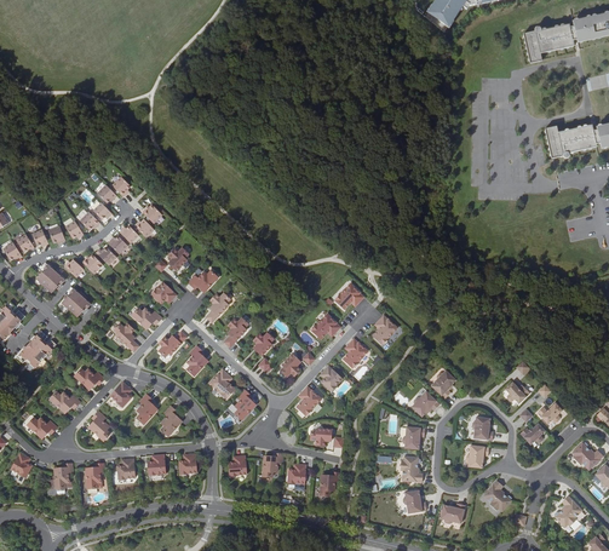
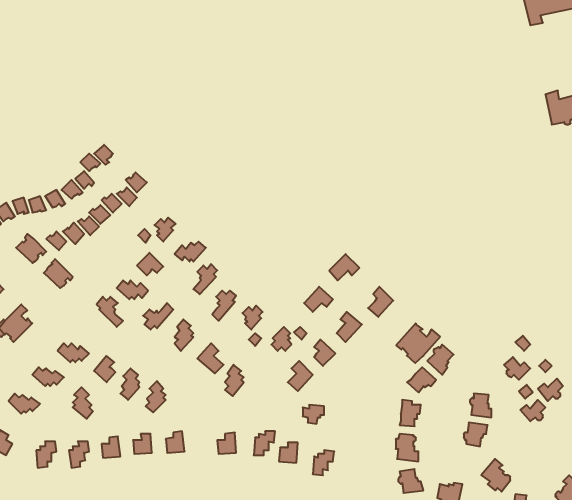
building: none -> [396,323,440,363]

